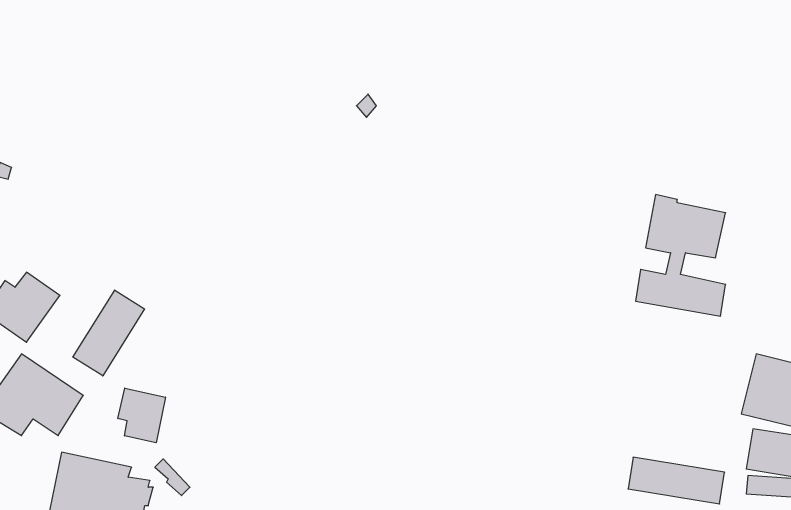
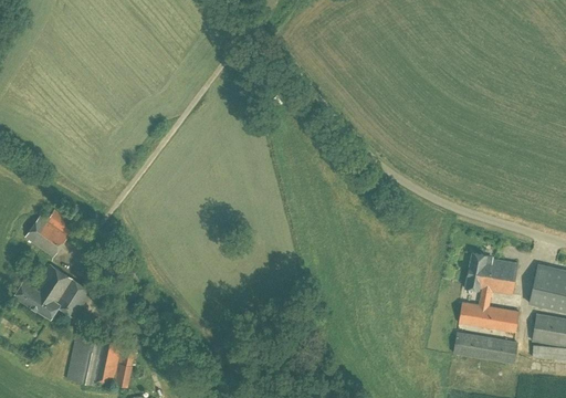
building: [636,195,726,316] -> [459,252,518,333]
building: [73,290,145,376] -> none
building: [118,388,165,443] -> none

